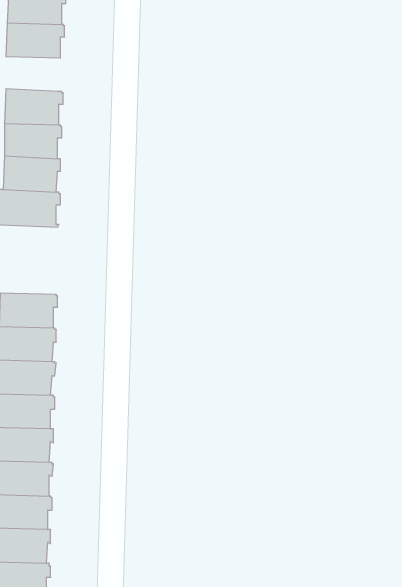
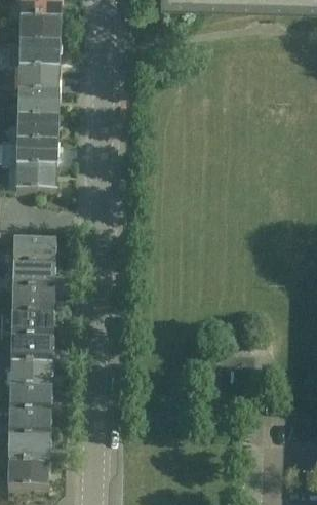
building: none -> [18,65,62,90]

